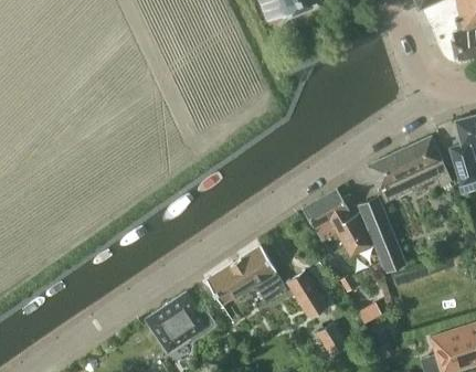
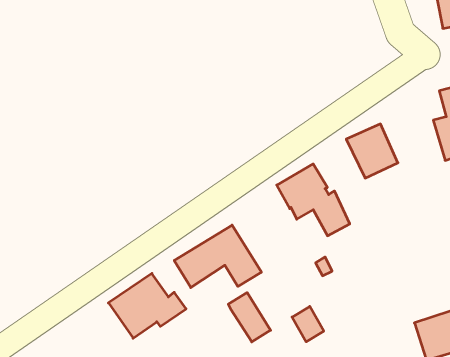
building: [400,137,453,188] -> none
building: [358,195,408,272] -> none
building: [287,270,327,317] -> [228,293,271,342]

